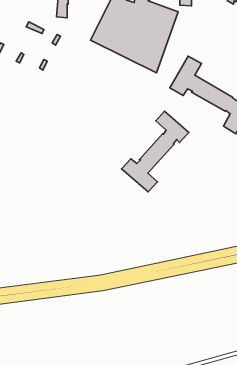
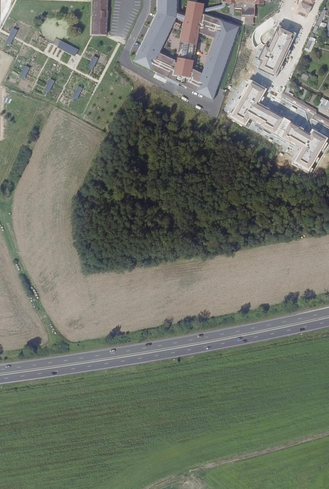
building: none -> [259,25,294,77]
building: [122,111,189,192] -> none

